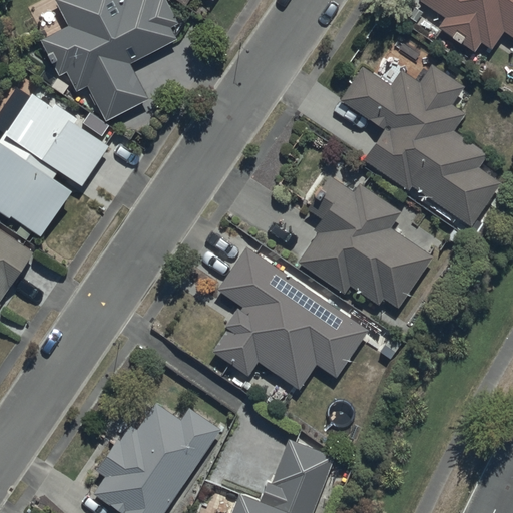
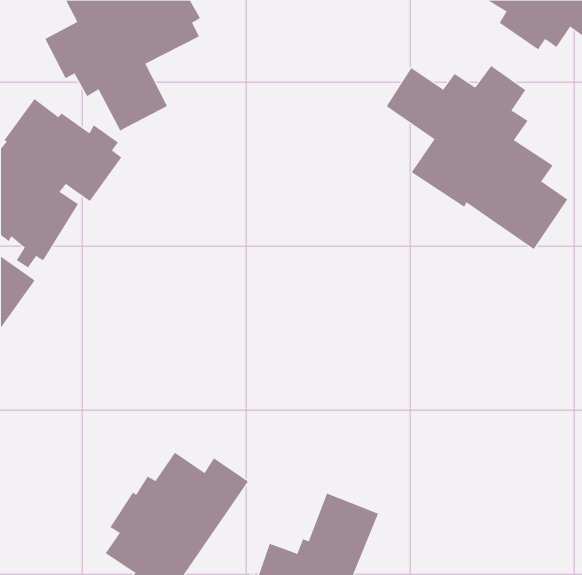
building: [299,175,433,308] -> none
building: [212,247,367,390] -> none

